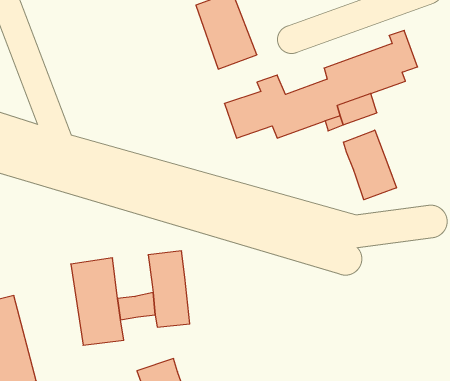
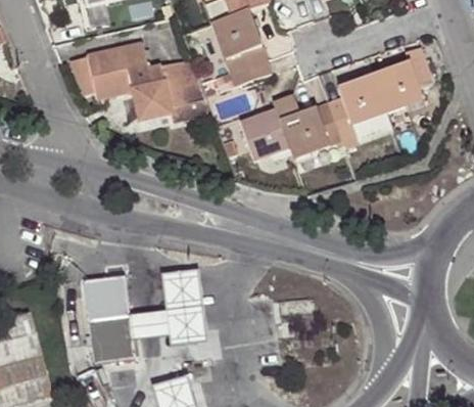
building: none -> [75,40,206,121]
building: [343,130,396,200] -> none

